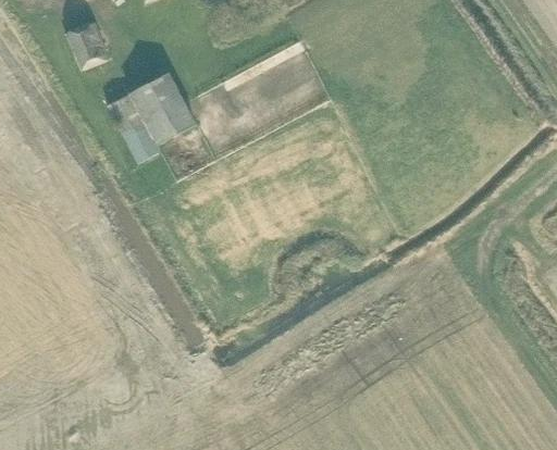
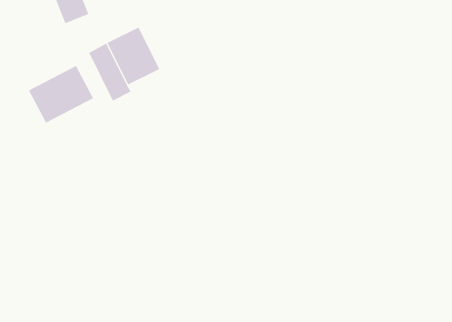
building: none -> [28,65,94,124]

